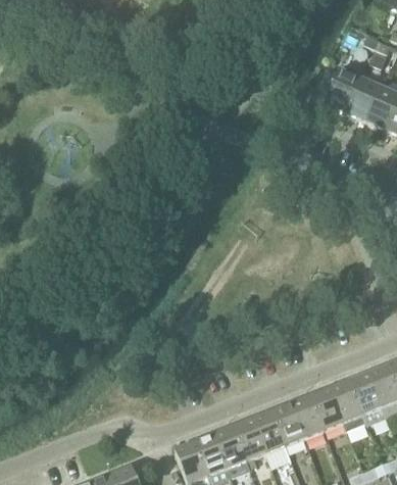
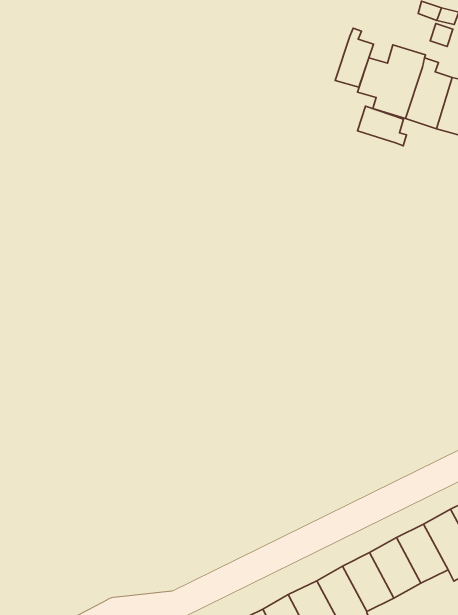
building: none -> [335,28,373,87]
building: none -> [358,106,407,146]

